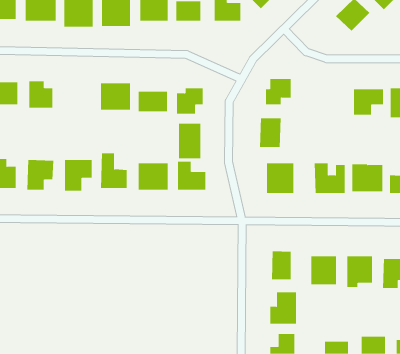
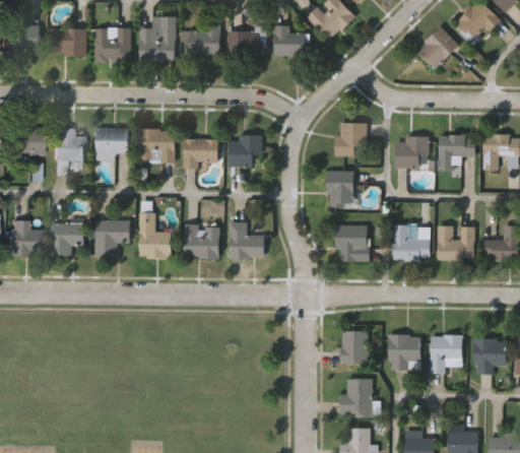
building: none -> [95,127,128,157]
building: none -> [395,137,428,168]
building: [179,123,201,159] -> none

